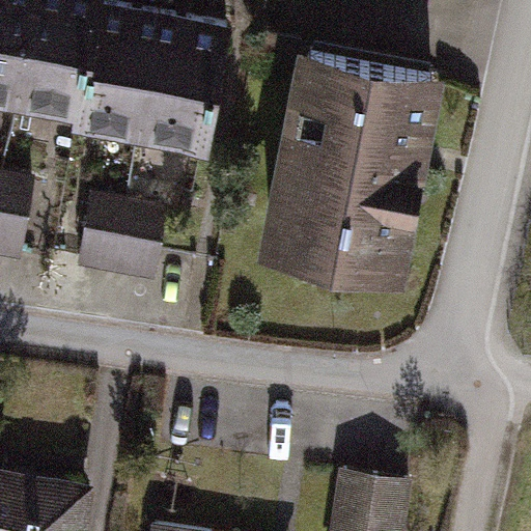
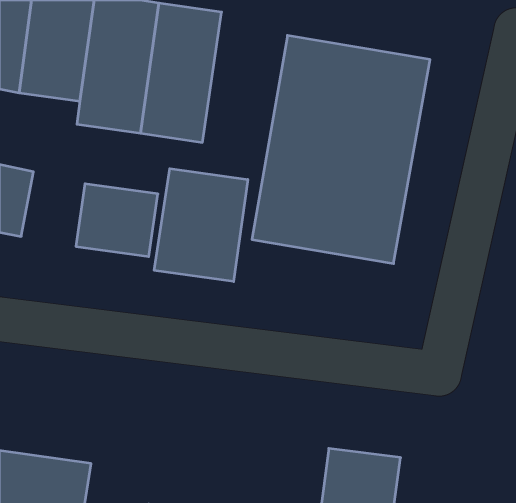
building: none -> [154,169,248,282]

